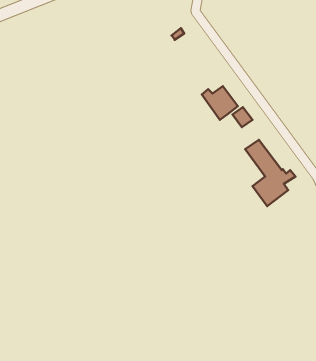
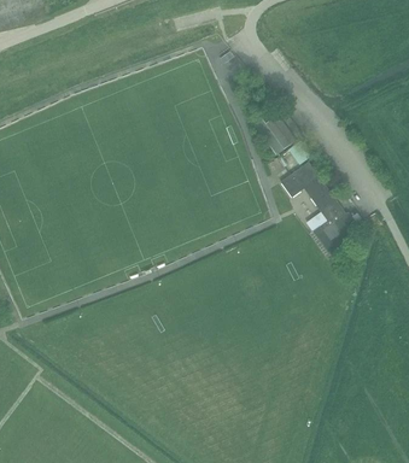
building: none -> [280,160,319,197]

